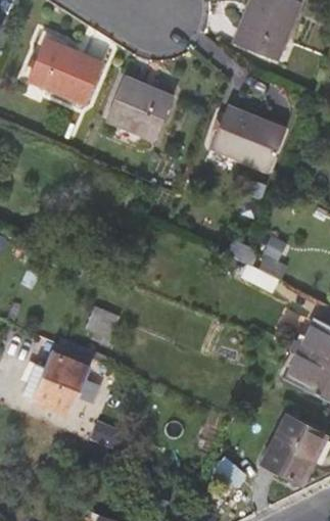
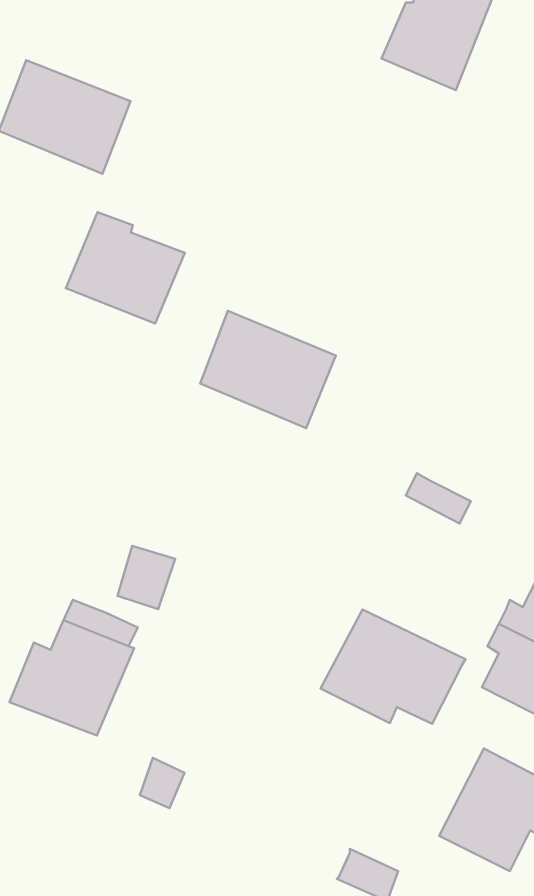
building: [100,76,166,137] -> [66,212,185,324]
building: [204,103,279,168] -> [200,311,336,428]
building: none -> [320,609,466,724]

